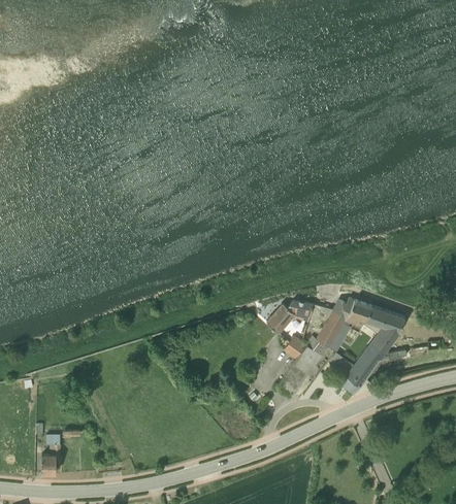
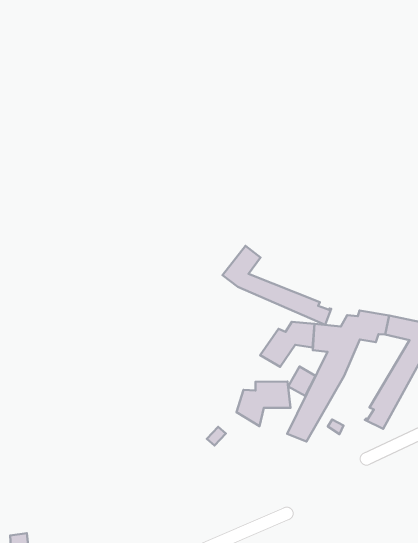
building: none -> [223,246,331,325]
building: none -> [236,382,290,426]

